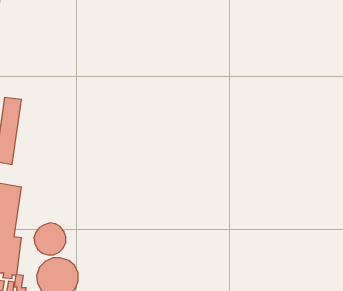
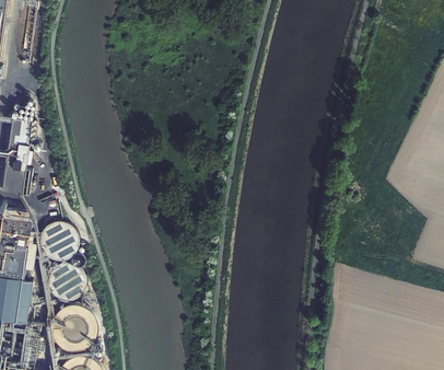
building: none -> [37,221,74,258]

